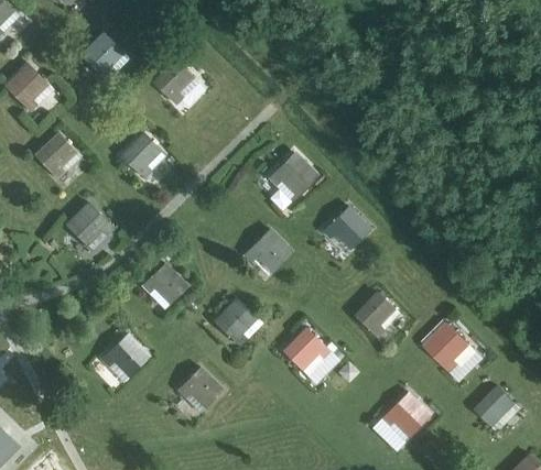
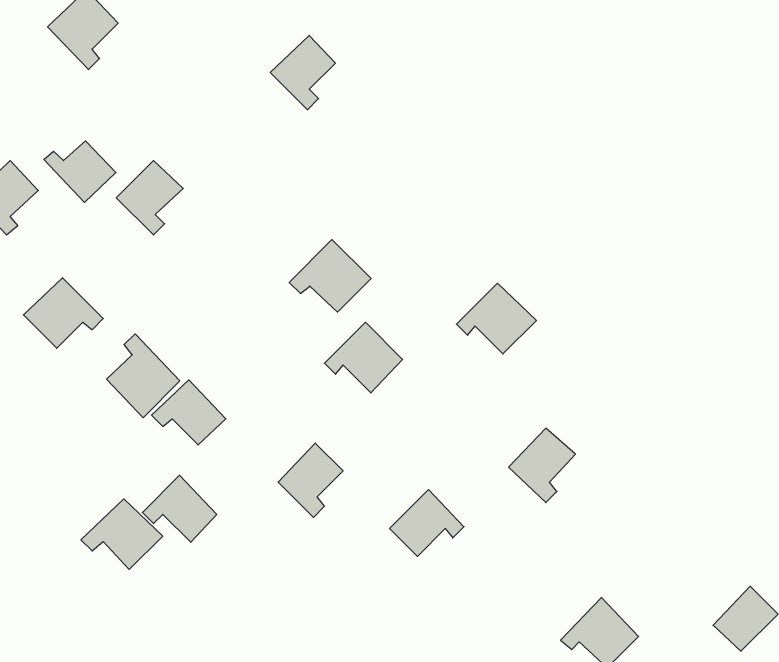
building: [153,61,192,105] -> [270,35,335,110]
building: none -> [44,141,116,202]
building: [268,153,316,196] -> [289,240,371,312]
building: none -> [107,334,180,418]
building: [424,324,467,371] -> none
building: [177,368,221,407] -> [142,475,217,542]

